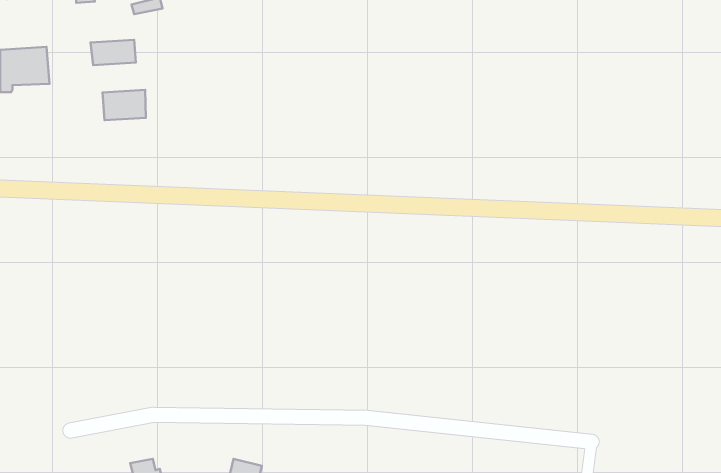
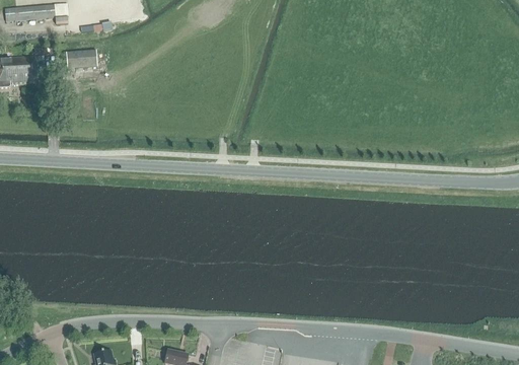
building: [103,90,146,120] -> none

